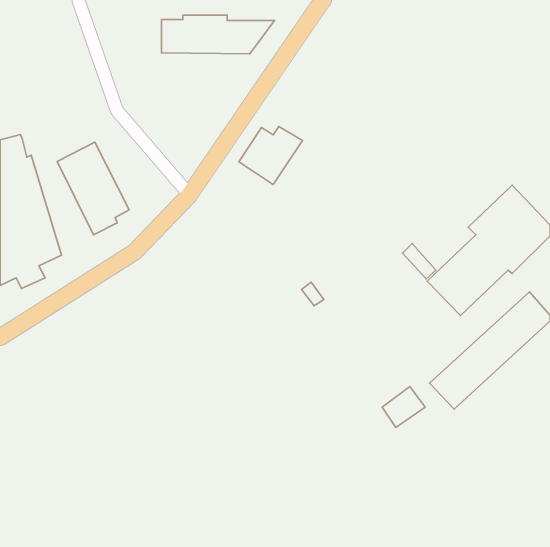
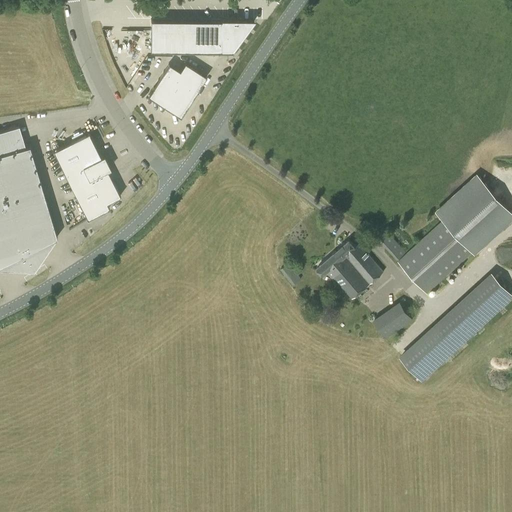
building: [239,126,302,185] -> [148,65,207,119]
building: none -> [318,242,384,301]
building: [382,387,425,427] -> [374,302,414,340]

